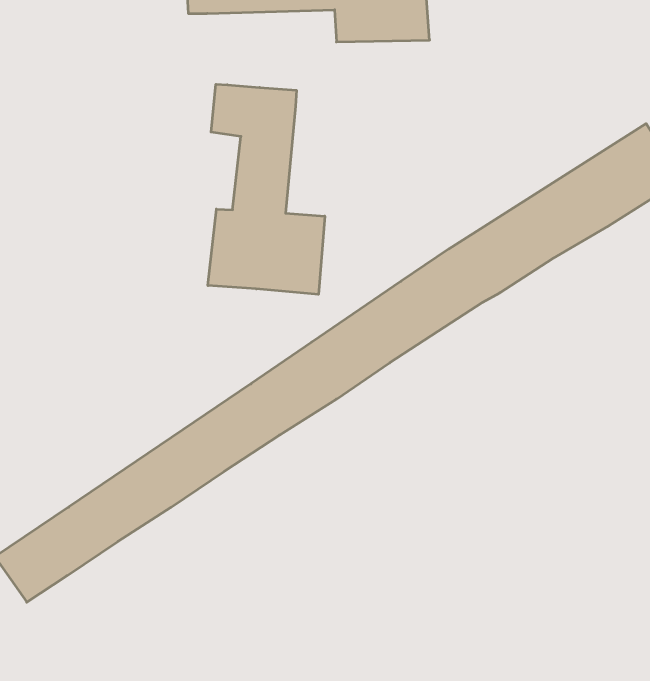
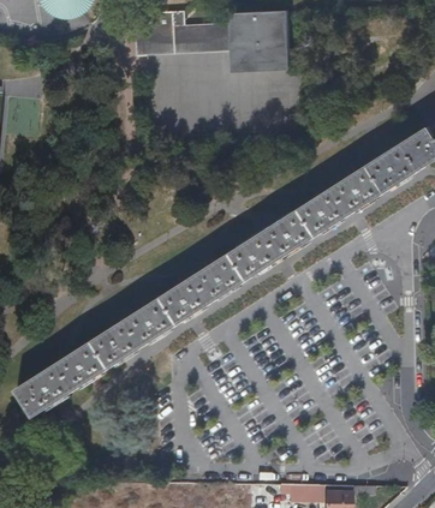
building: [208,84,325,294] -> none

